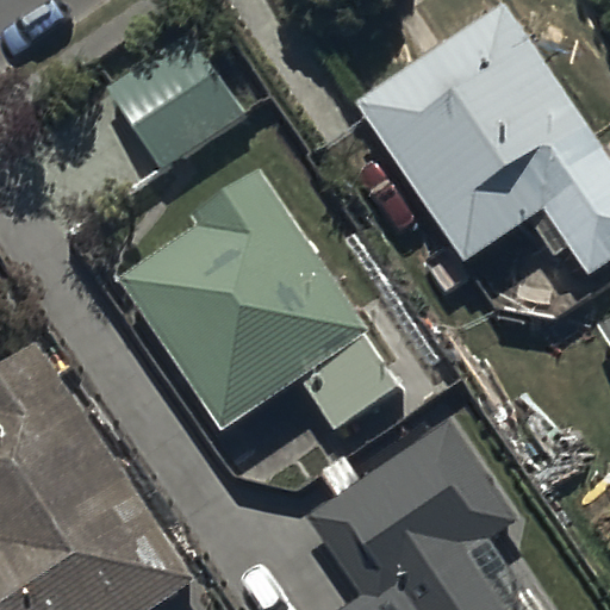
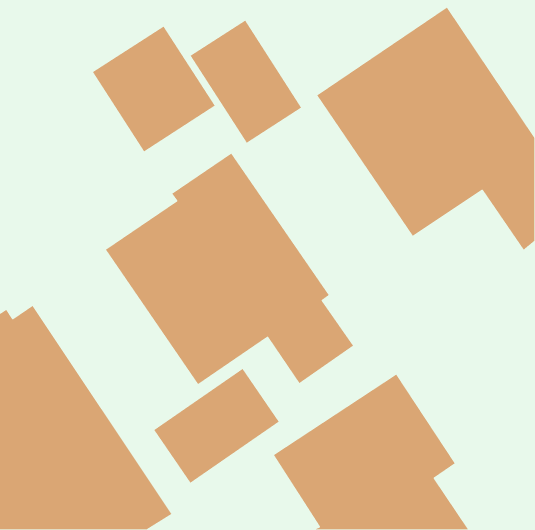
building: none -> [190,20,302,144]
building: none -> [153,368,280,484]

